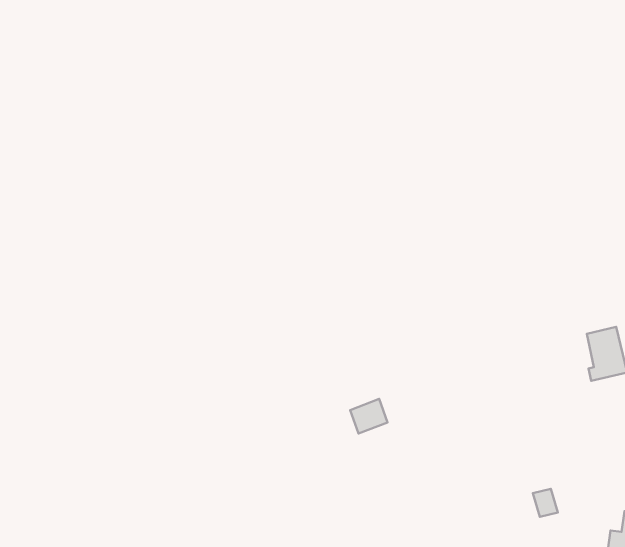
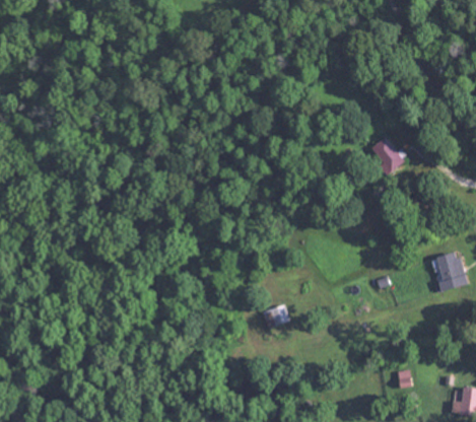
building: none -> [370,136,405,174]

